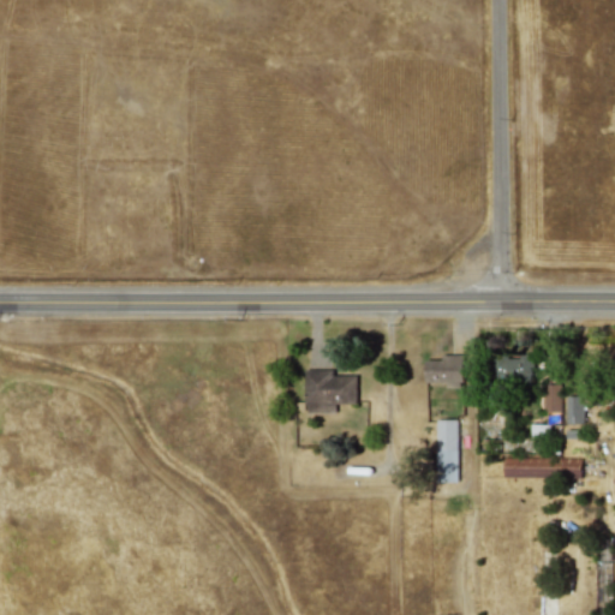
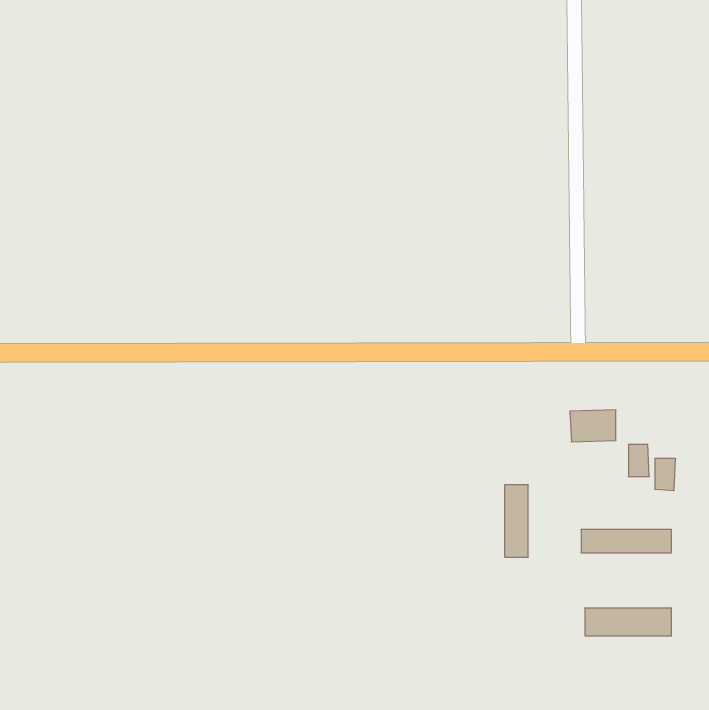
building: [426,354,464,388] -> none
building: [306,369,357,413] -> none
building: none -> [585,608,671,636]

